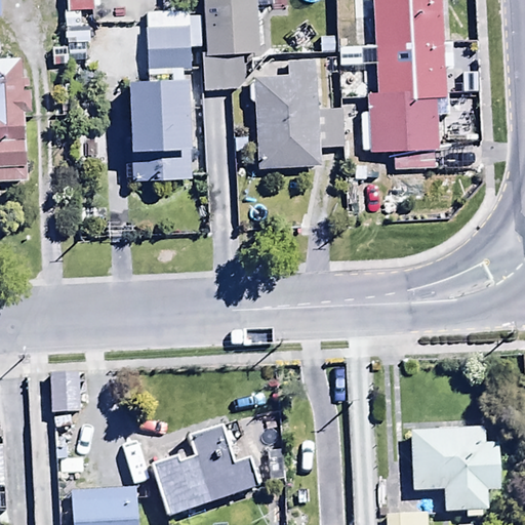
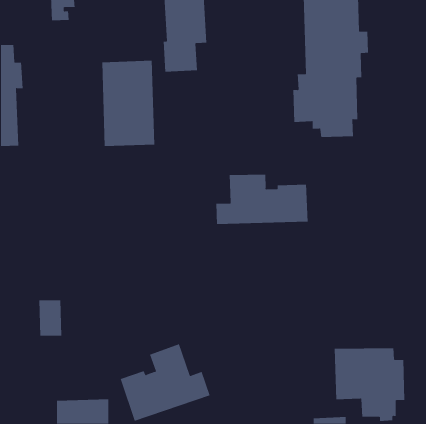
building: [147,8,203,71] -> none
building: [253,72,358,169] -> none
building: none -> [216,174,308,225]

